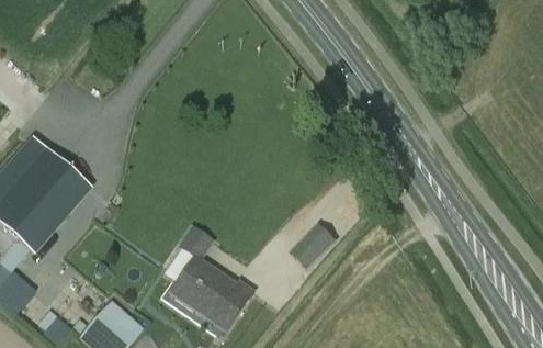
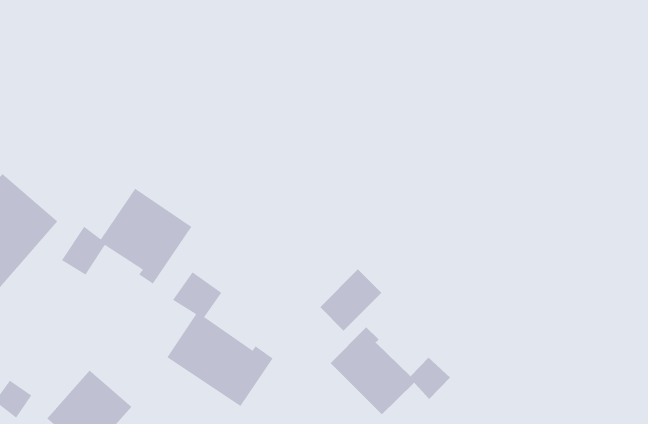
building: none -> [61,188,192,284]
building: none -> [330,326,451,415]

